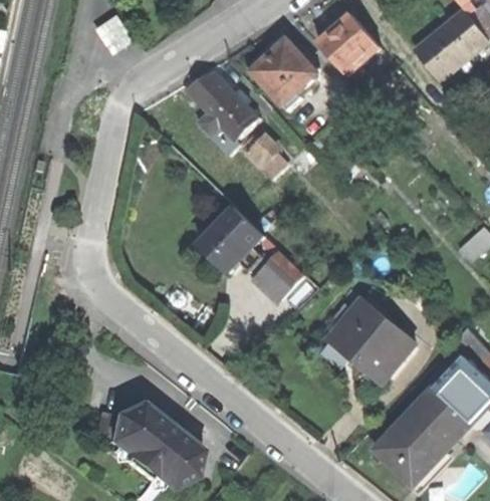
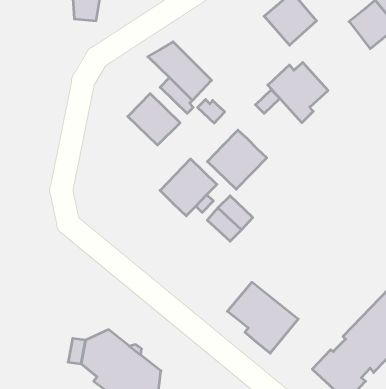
building: [248,39,317,108] -> [268,62,328,123]
building: none -> [128,94,180,145]
building: none -> [207,130,267,189]
building: [332,300,414,382] -> [227,282,298,353]

